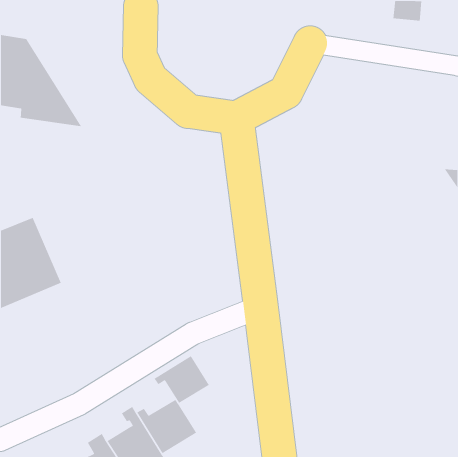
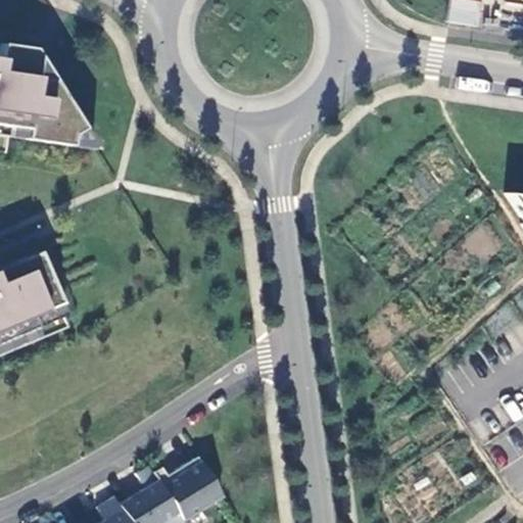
building: [154,355,210,404] -> none

